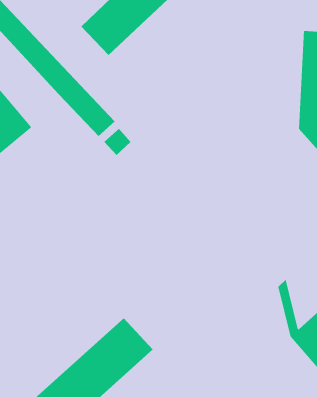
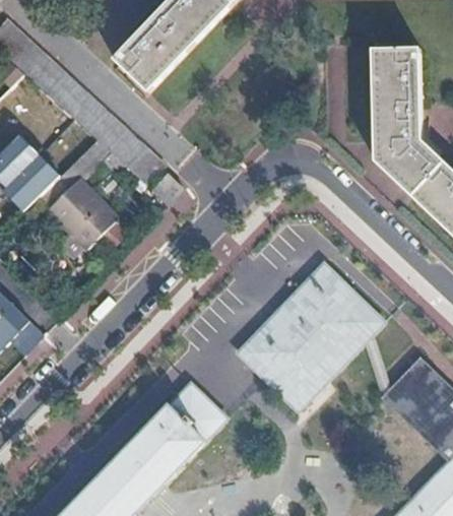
building: none -> [45,174,123,252]
building: none -> [237,265,381,408]

